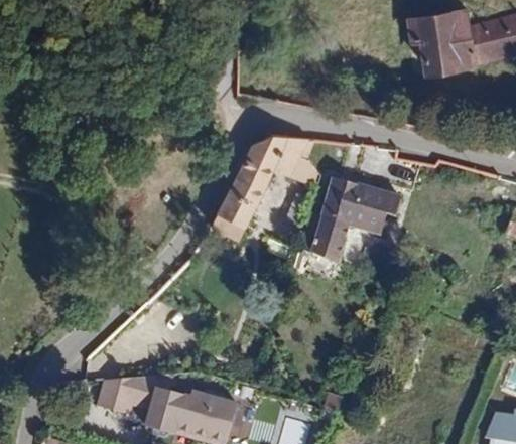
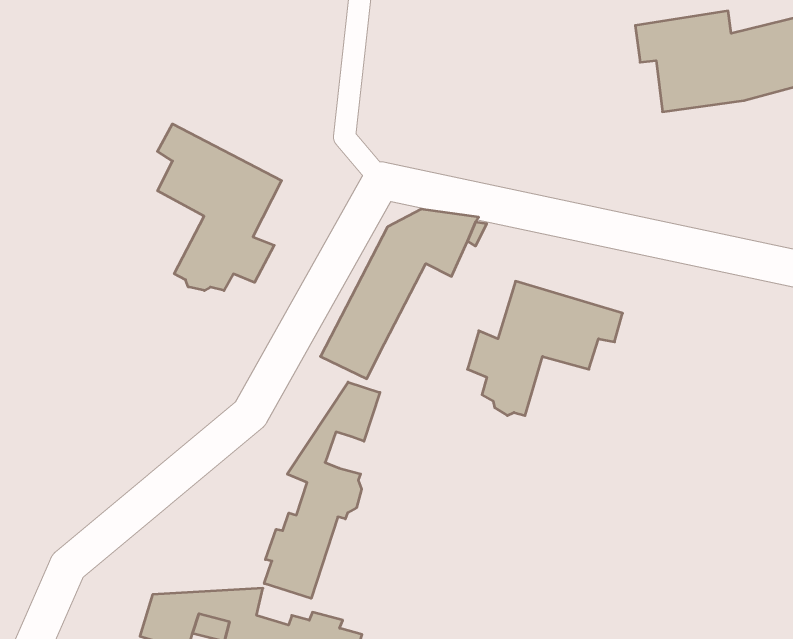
building: none -> [157,124,282,291]
building: none -> [264,382,380,598]

